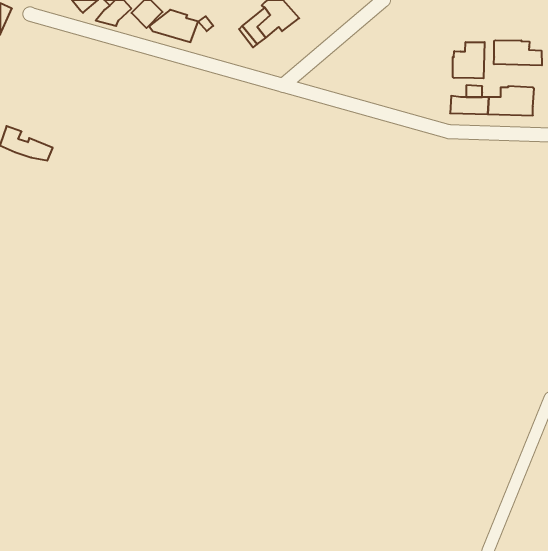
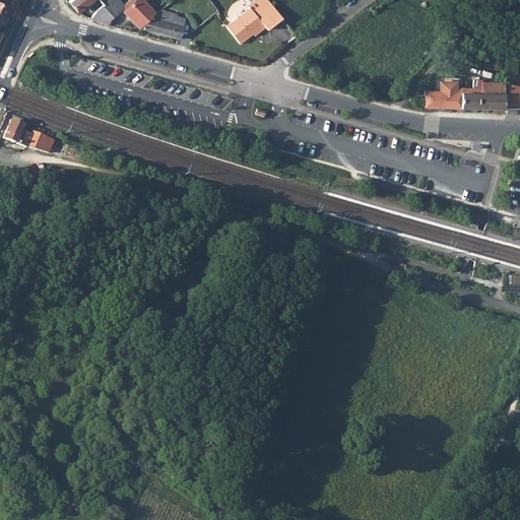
building: [494,40,542,65] -> none
building: [453,42,485,78] -> none

